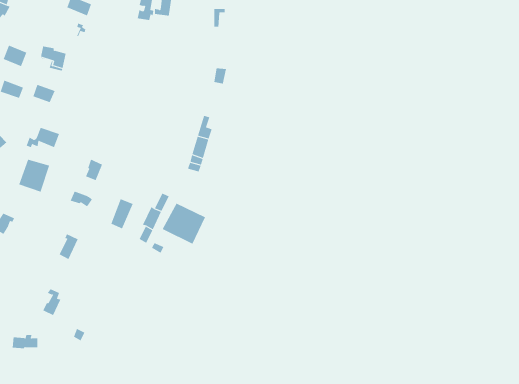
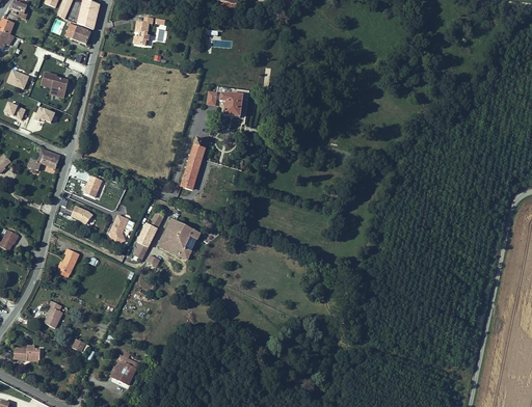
building: none -> [219,91,242,118]
building: [19,159,50,193] -> none
building: none -> [107,357,137,384]

